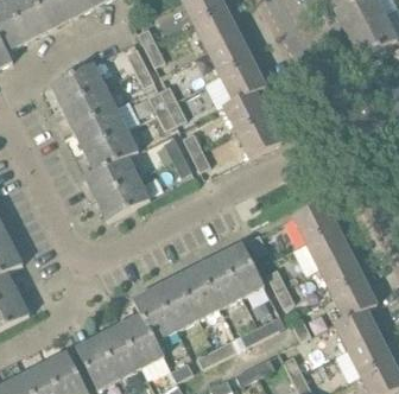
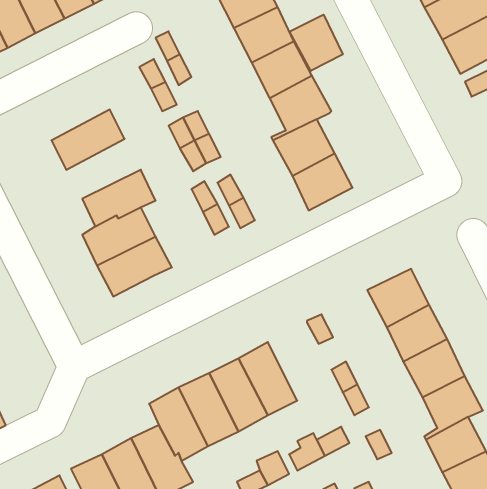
building: none -> [289,15,343,71]
building: [51,63,104,107] -> none
building: [72,106,127,150] -> none
building: [220,242,265,297] -> none

